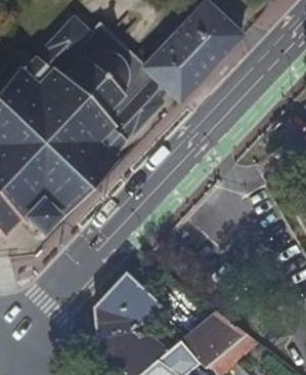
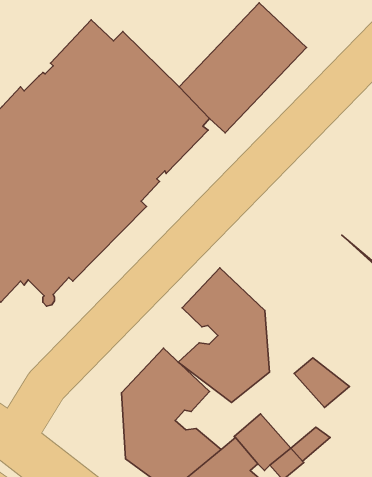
building: none -> [178,268,269,402]
building: [205,311,248,350] -> [294,358,349,408]

